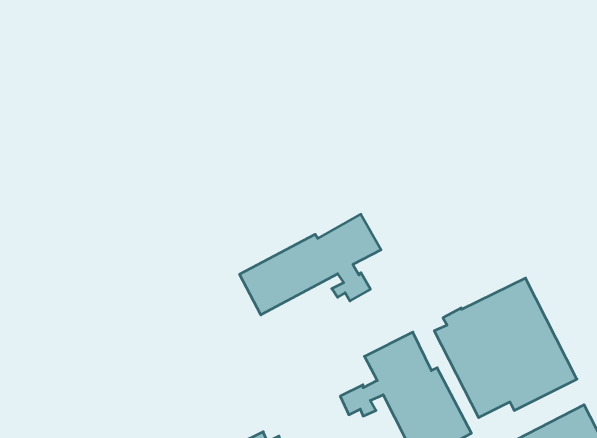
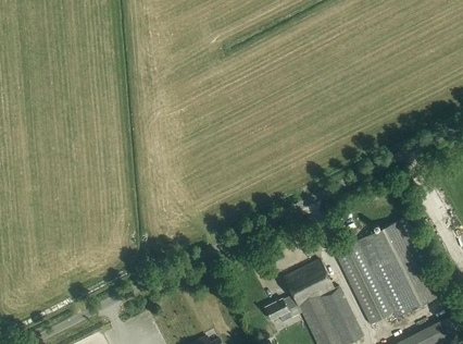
building: [240,214,381,315] -> none

